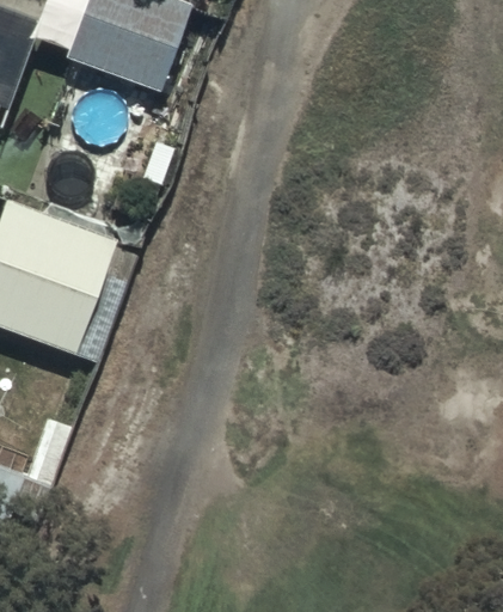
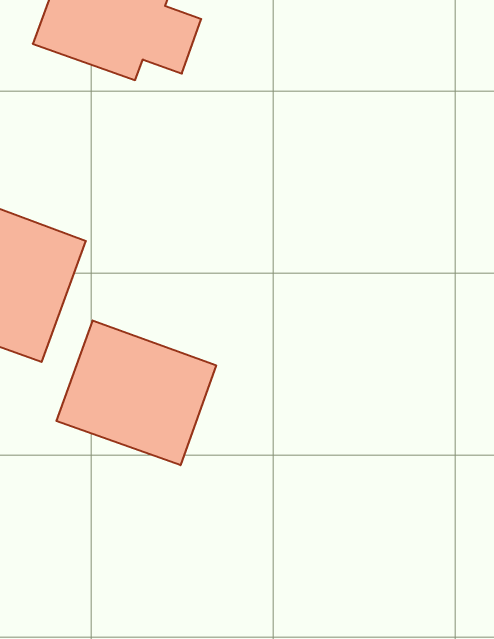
building: none -> [56,320,216,465]

